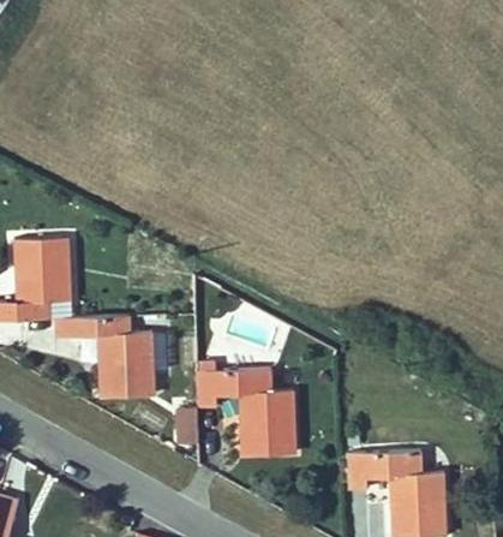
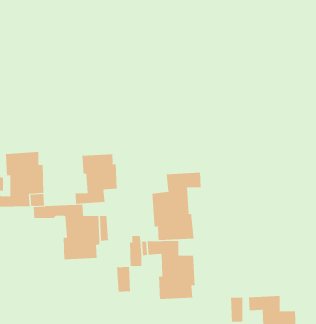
building: none -> [75,154,117,204]
building: none -> [152,172,201,241]

